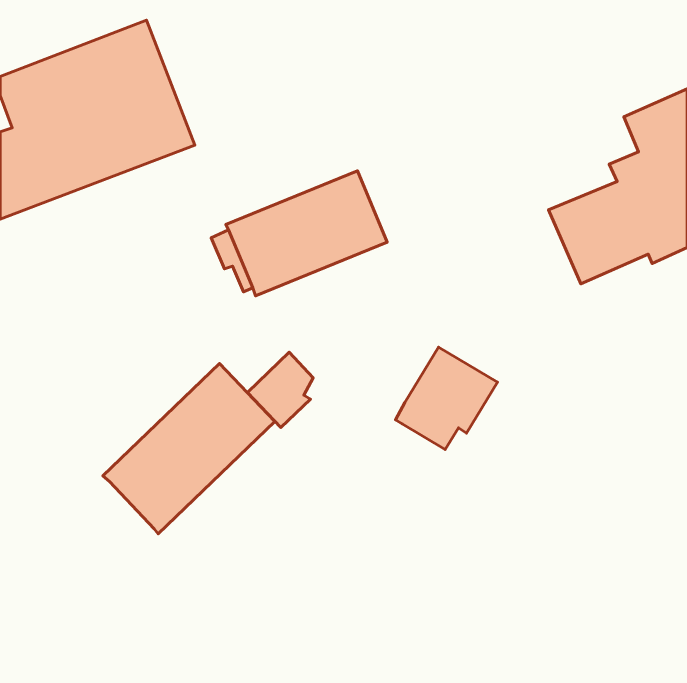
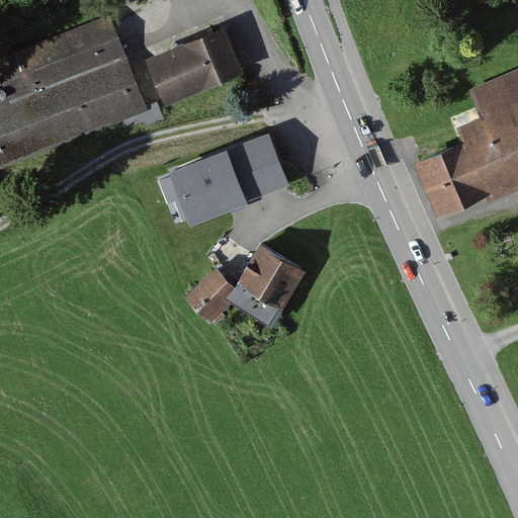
building: none -> [146,25,245,104]
building: [395,347,498,449] -> [229,246,306,323]
building: [103,363,275,534] -> none

